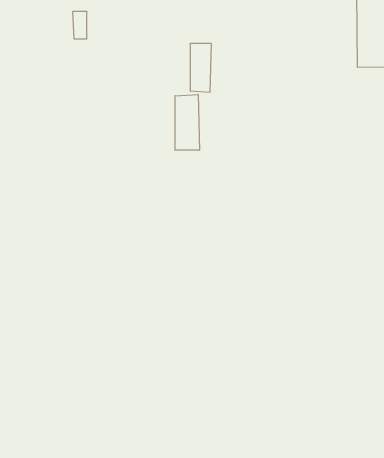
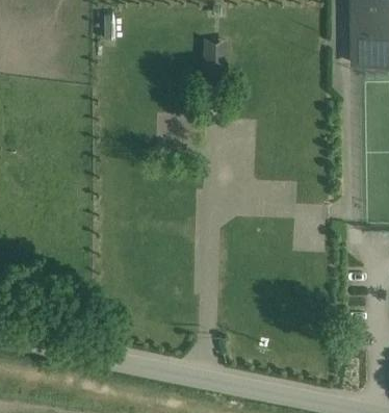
building: [175,94,200,150] -> none

